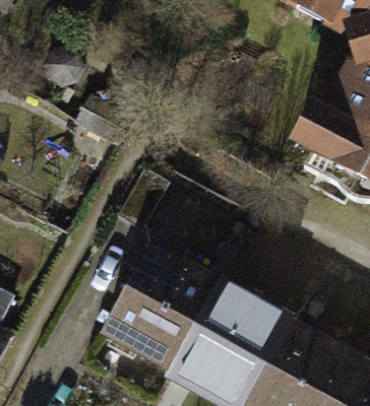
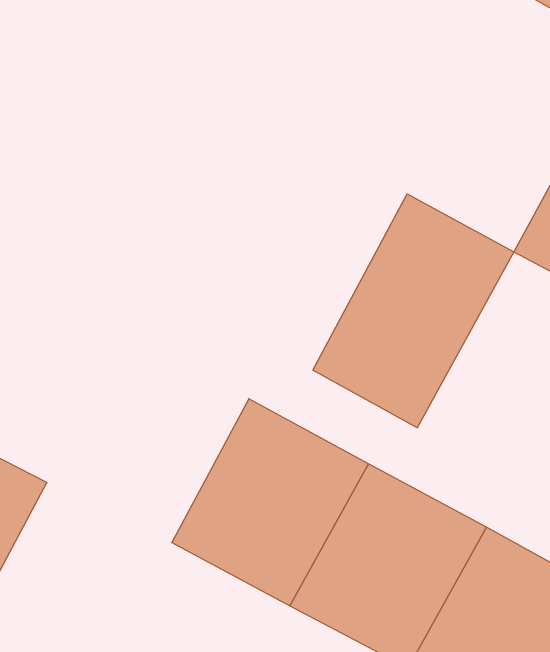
building: none -> [313,194,514,428]

